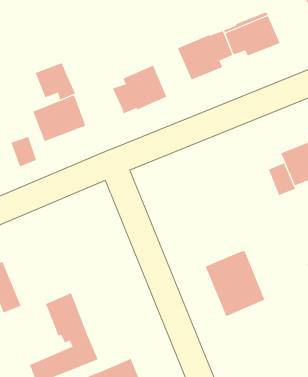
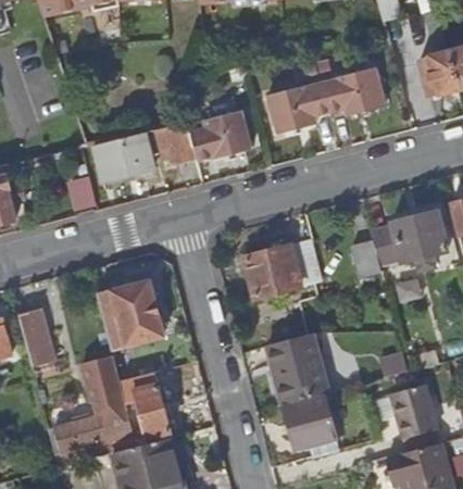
building: [35,63,76,101] -> [152,120,196,162]
building: none -> [243,240,323,300]
building: none -> [96,283,162,351]
building: none -> [118,373,170,439]
building: none -> [284,397,335,449]

